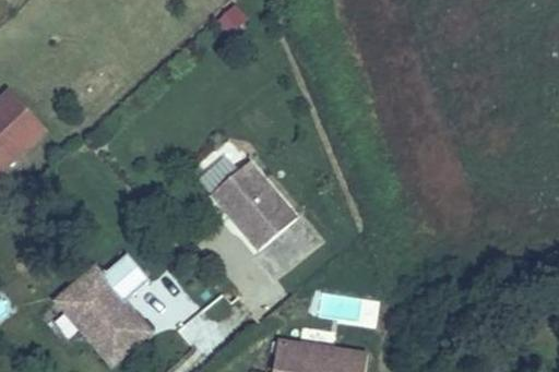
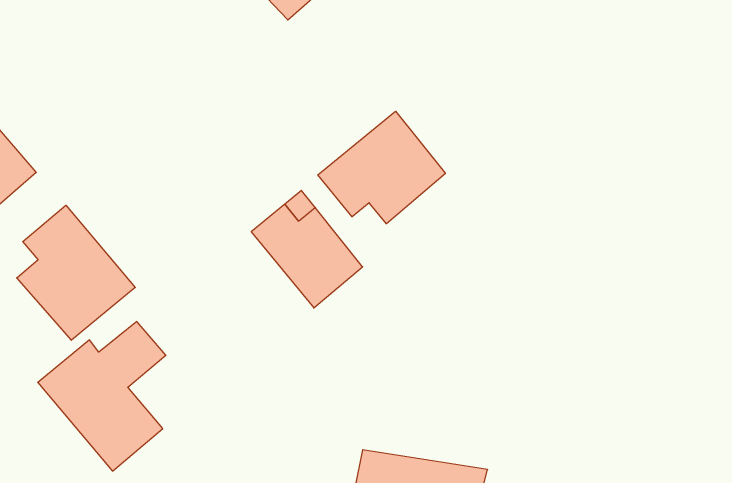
building: none -> [318,111,445,224]
building: none -> [17,205,135,340]

